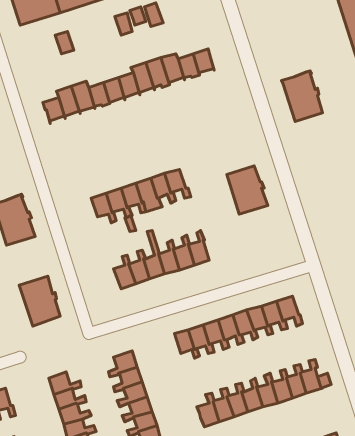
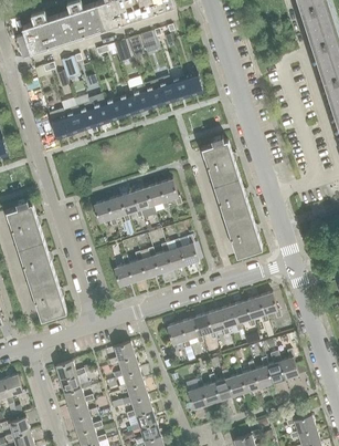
building: [282,71,323,122] -> [200,139,236,185]
building: none -> [223,212,259,257]
building: none -> [17,240,53,283]

